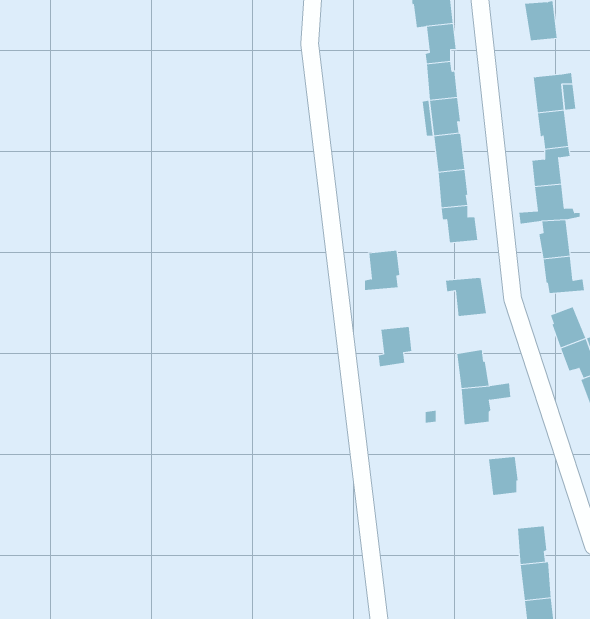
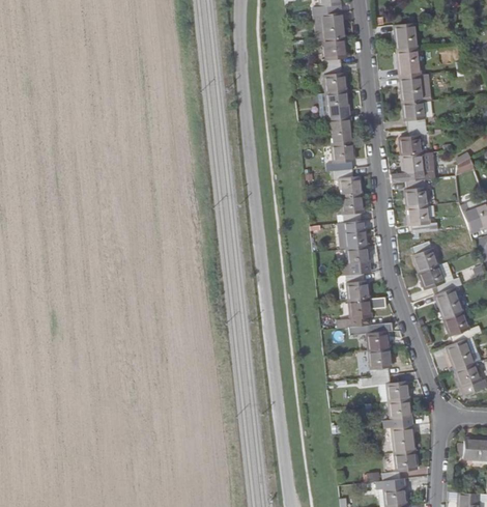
building: none -> [399,50,422,78]
building: [364,250,400,291] -> [338,195,364,224]
building: [378,327,412,367] -> [345,248,370,277]
building: none -> [341,323,389,353]
building: none -> [372,376,409,402]

